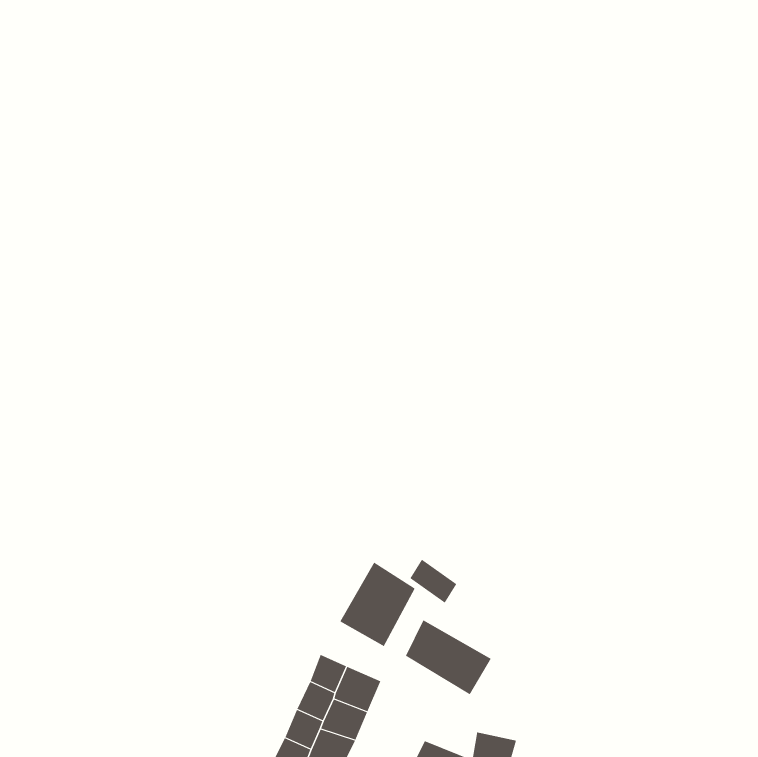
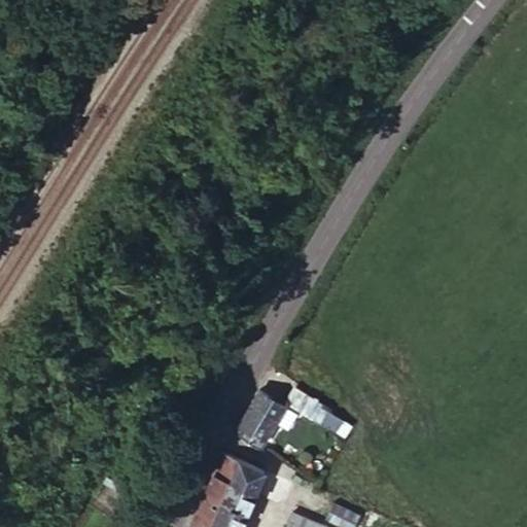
building: [405,619,491,695] -> none

